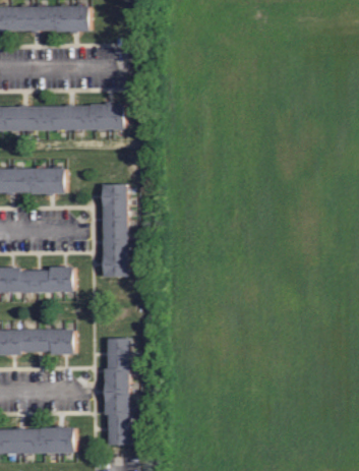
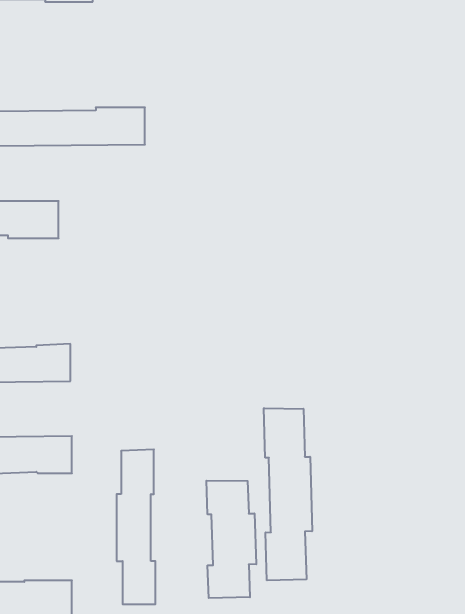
building: [101,183,127,277] -> none
building: none -> [264,408,312,580]
building: none -> [206,481,256,598]

